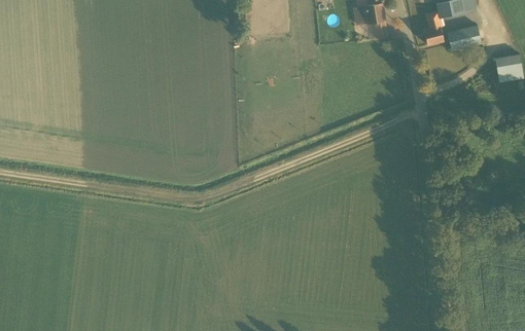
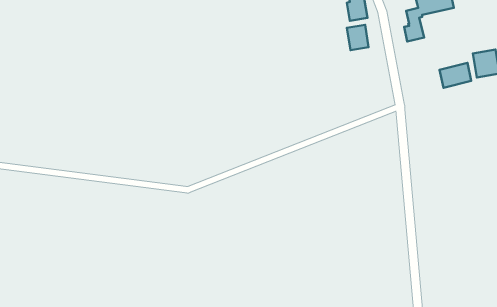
building: [448,25,481,50] -> [440,63,471,88]
building: none -> [347,25,369,50]

